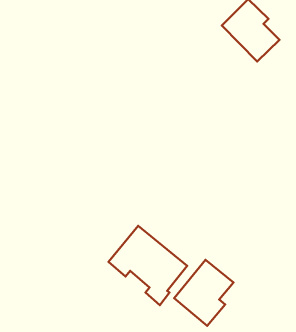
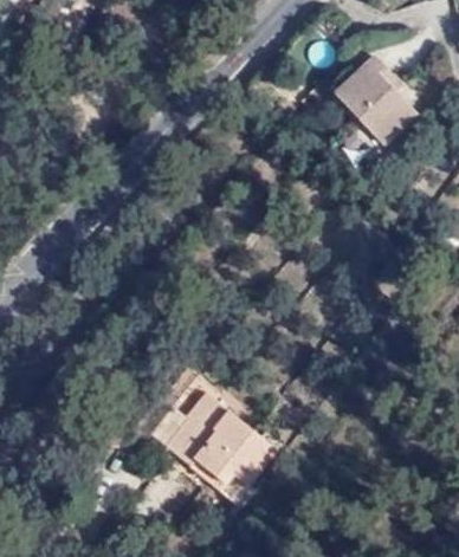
building: [174,260,233,326] -> none

